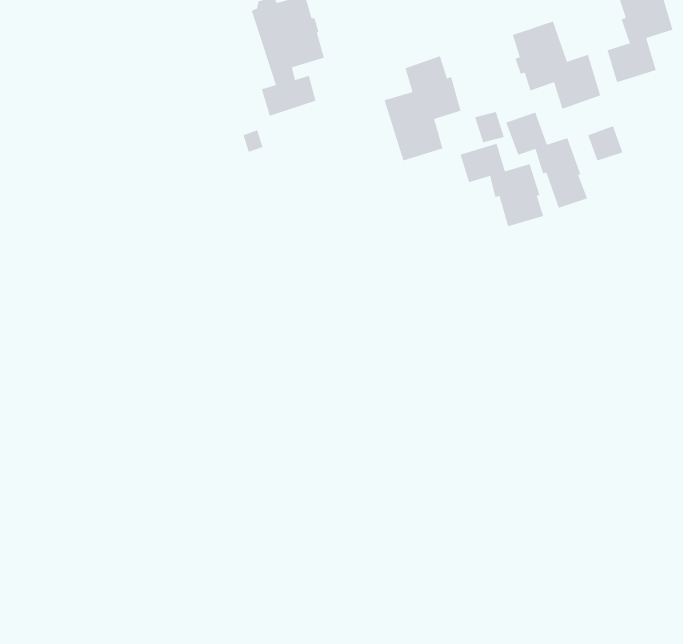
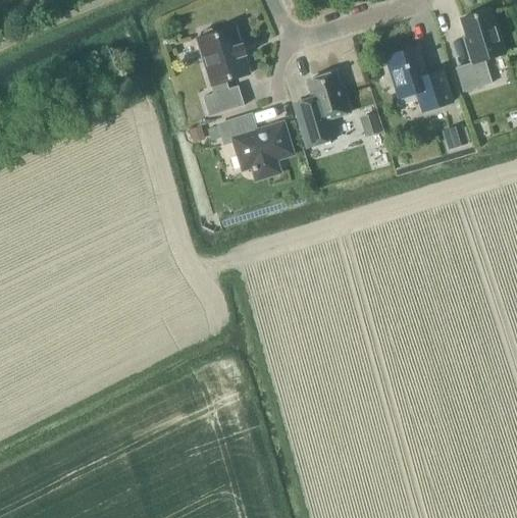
building: [505,112,588,209] -> none
building: none -> [219,113,292,176]
building: [459,143,544,227] -> none

